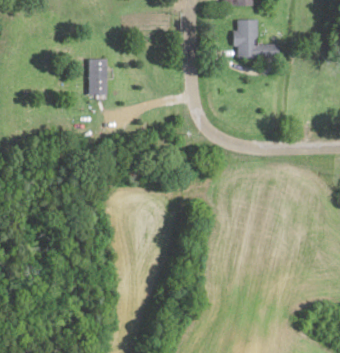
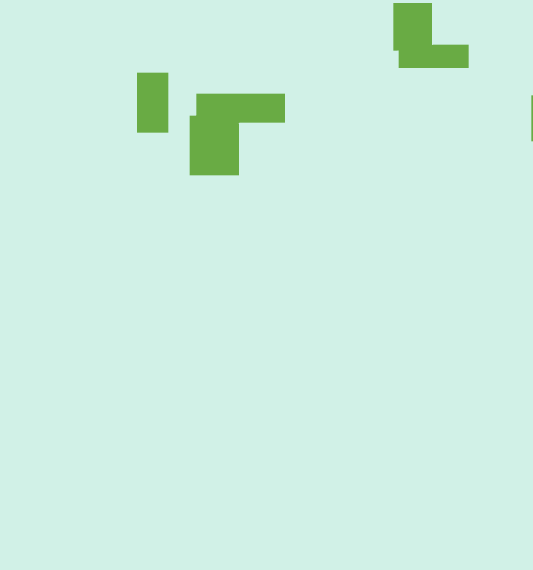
building: none -> [189,93,285,176]

